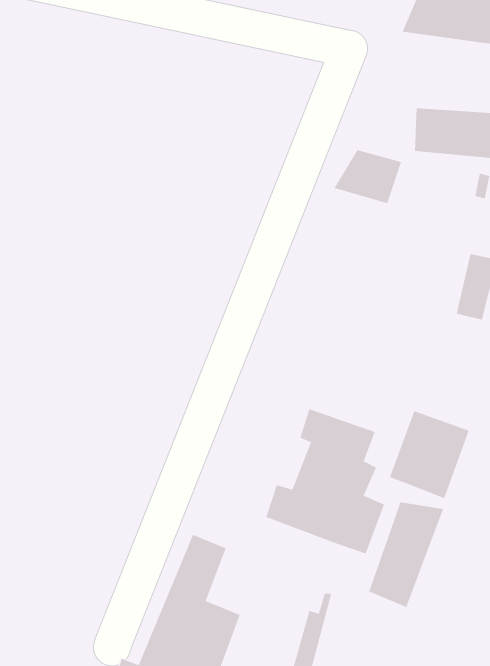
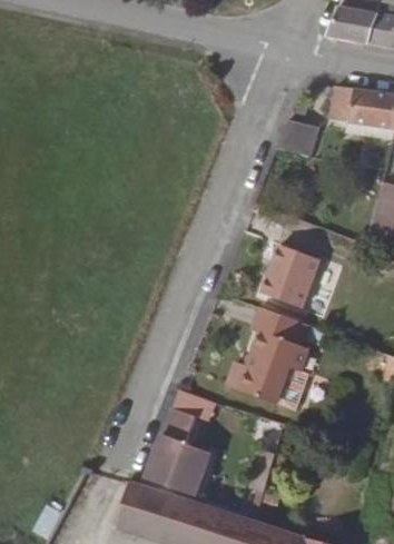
building: [389,410,470,499] -> [262,244,319,307]
building: [369,502,444,608] -> none

